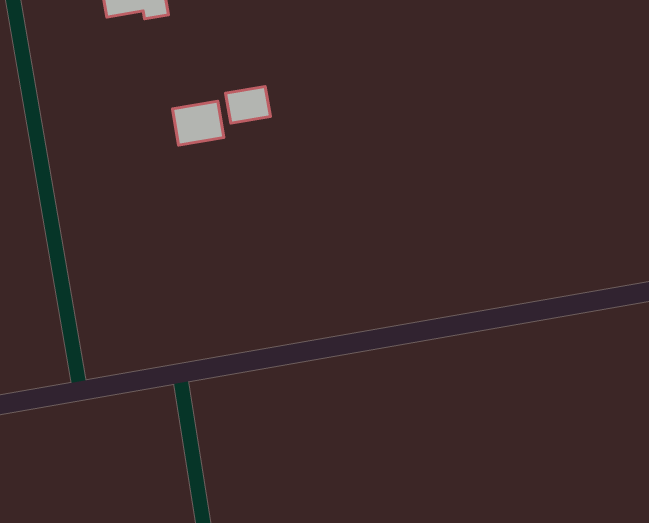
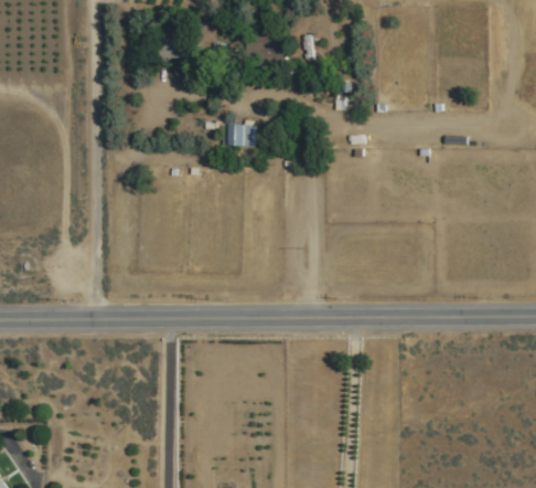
building: [172,101,224,145] -> none

